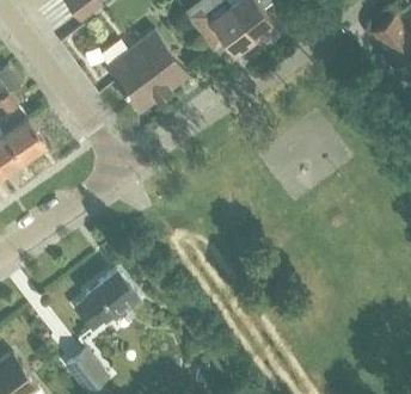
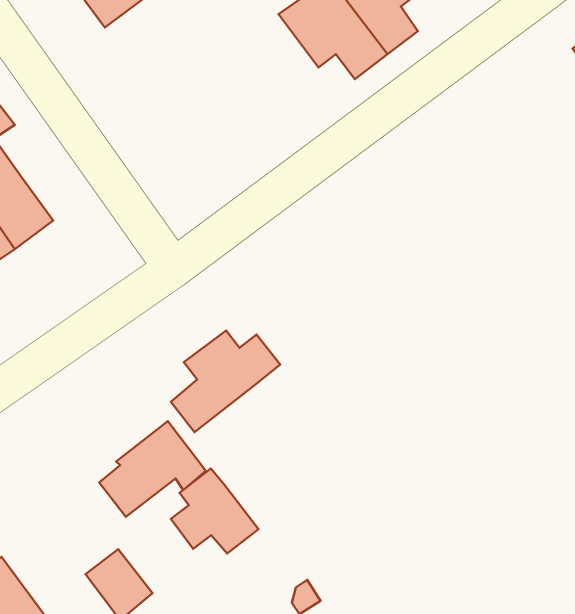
building: [112,33,190,109] -> none
building: none -> [171,330,280,432]
building: none -> [171,468,259,554]

